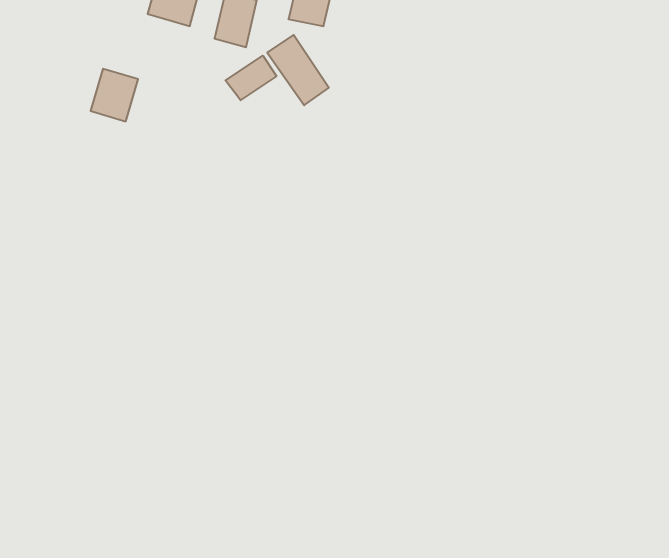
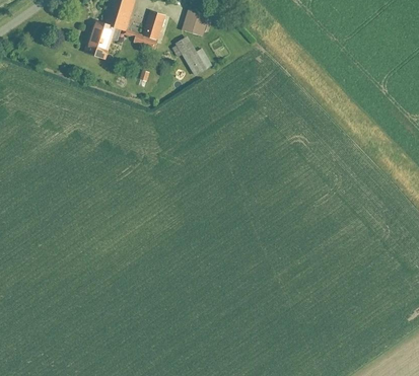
building: [225,56,276,100] -> none
building: [91,69,138,121] -> [84,24,112,55]

